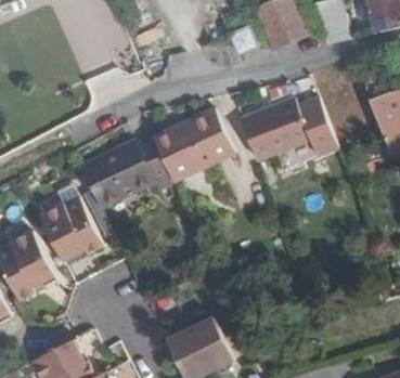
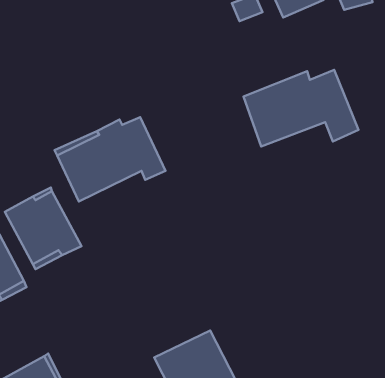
building: [153,106,235,181] -> none

